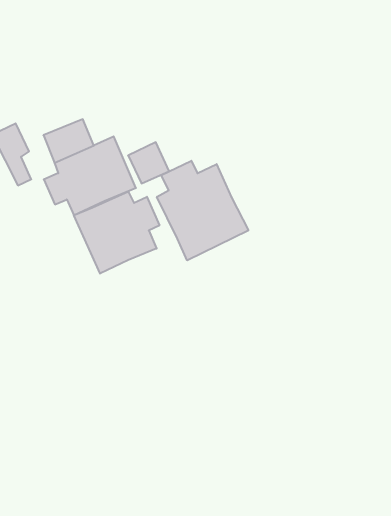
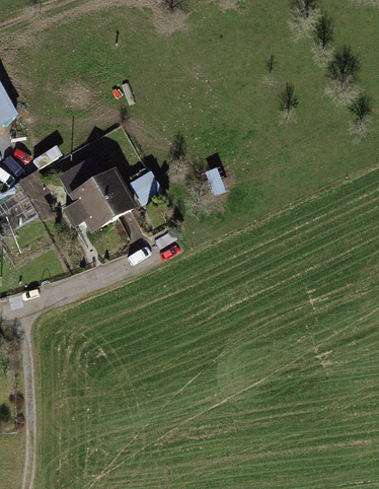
building: [157,161,248,260] -> none
building: [74,191,159,274] -> none

